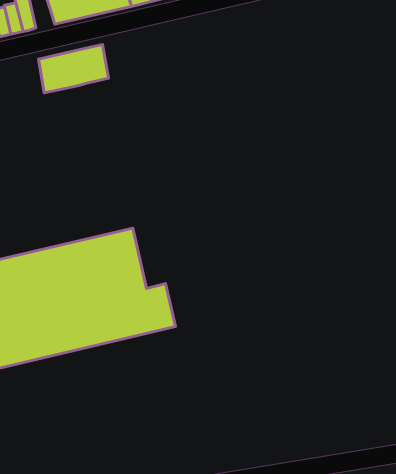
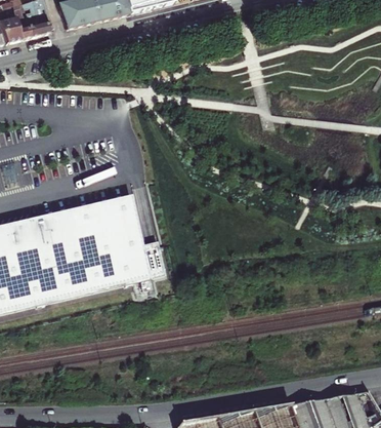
building: [38,44,108,93] -> none

